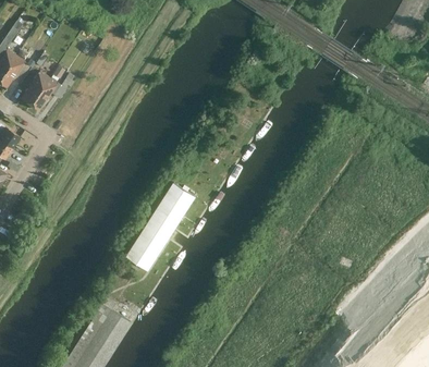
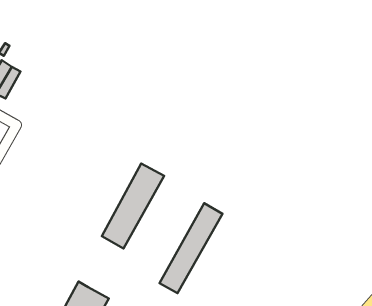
building: none -> [159,203,223,293]

